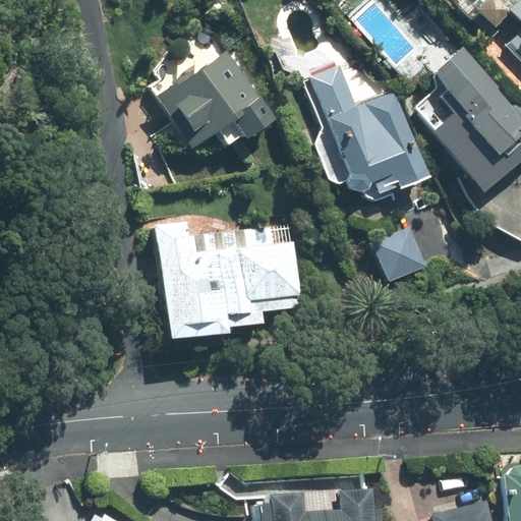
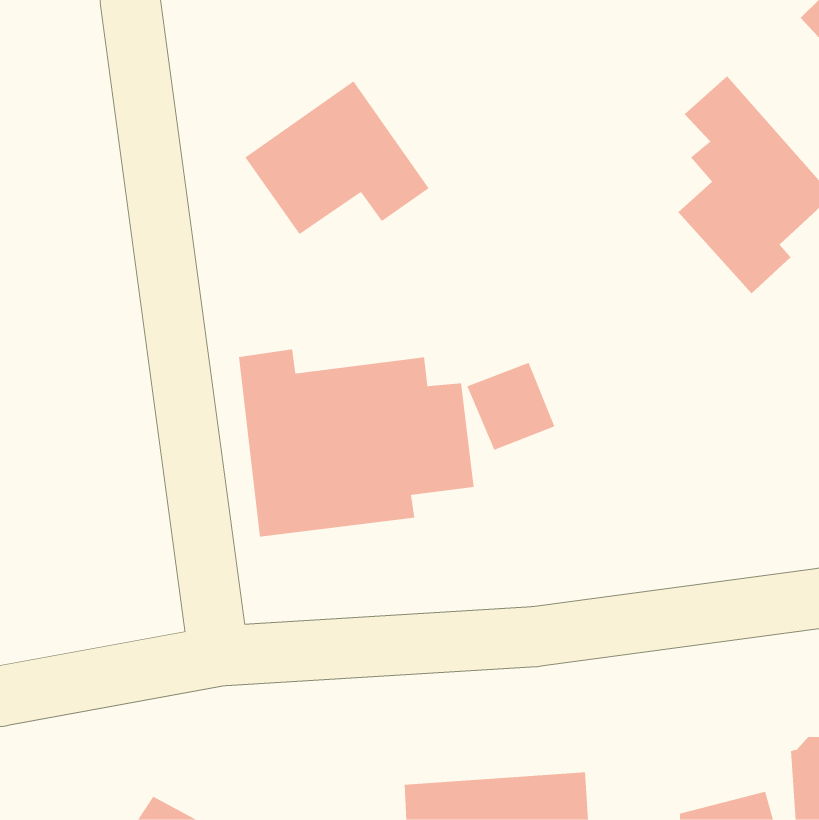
building: [310,65,430,202] -> none
building: [370,226,426,282] -> [467,362,555,451]

